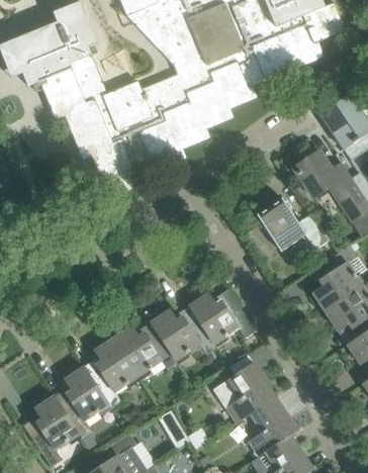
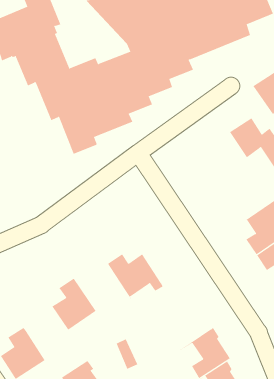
building: [256,198,329,251] -> none
building: [189,288,256,344] -> none
building: [112,325,178,376] -> none
building: [213,362,272,421] -> none
building: [57,366,109,437] -> none

